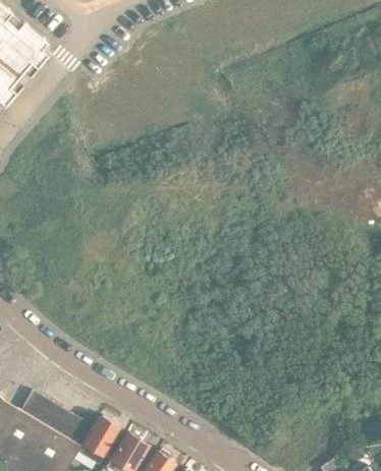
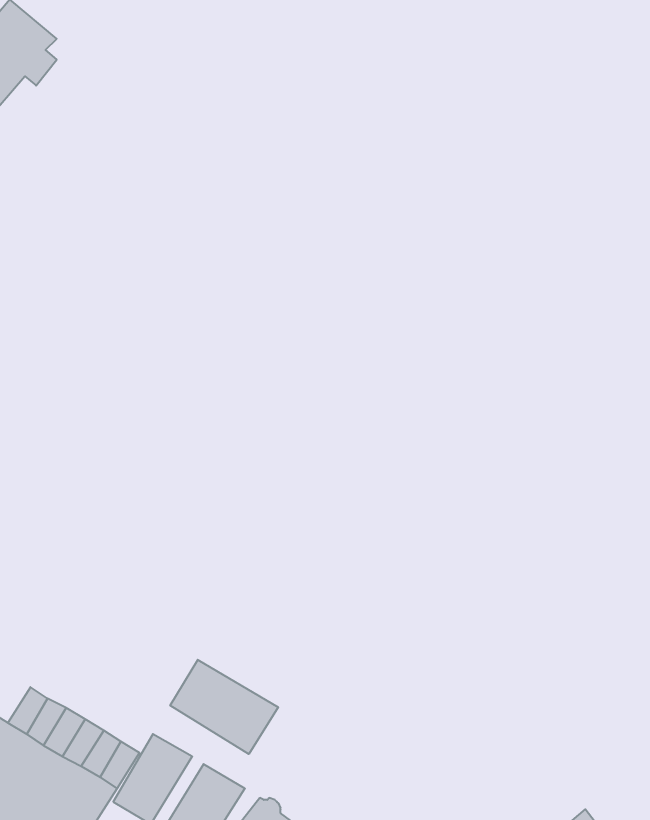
building: none -> [170,660,278,754]

